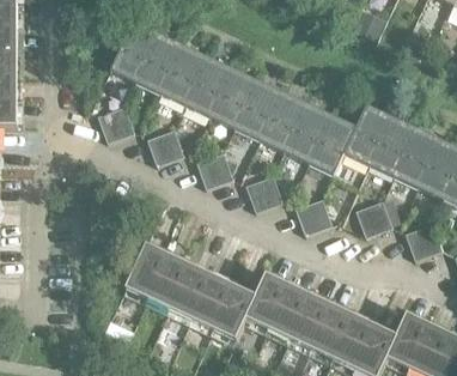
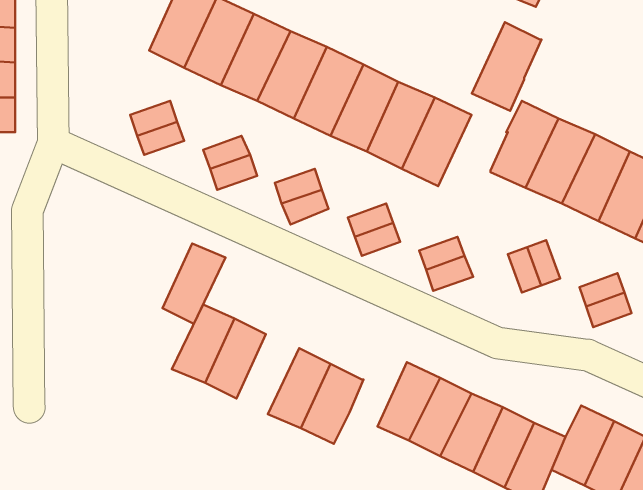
building: [307,114,355,175] -> [472,22,541,111]
building: [169,265,212,320] -> [163,244,225,324]
building: [246,274,286,328] -> none

